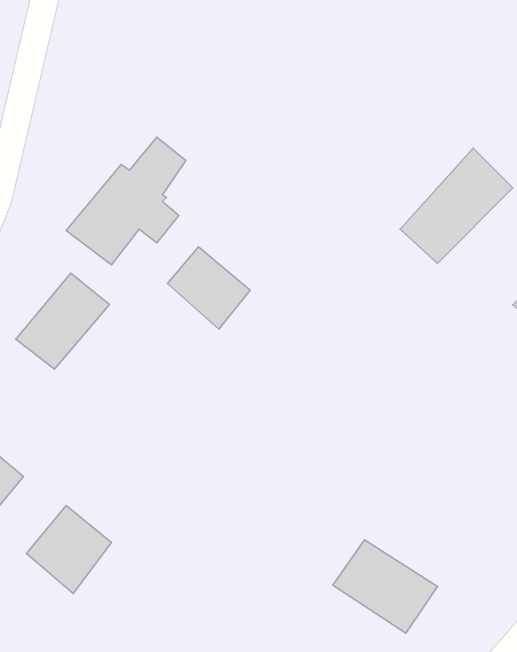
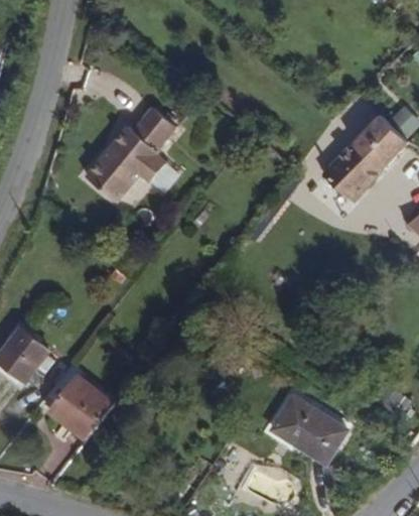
building: [167,247,250,329] -> none
building: [16,273,110,369] -> none

